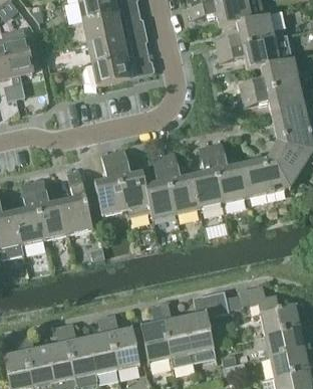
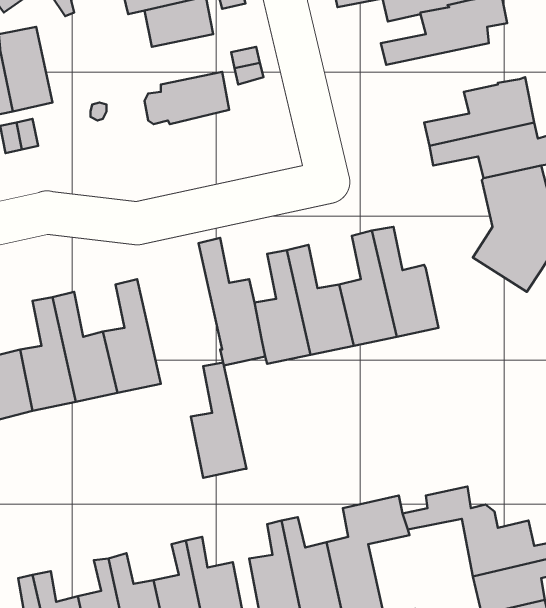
building: [87,33,126,61] -> none
building: [218,35,292,68] -> none
building: [95,150,126,214] -> [191,363,247,478]
building: [240,158,296,198] -> none

